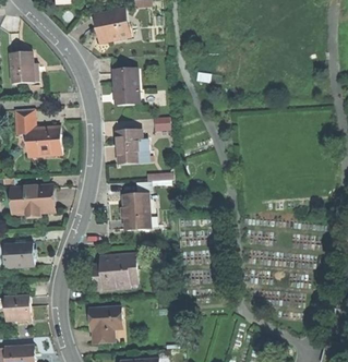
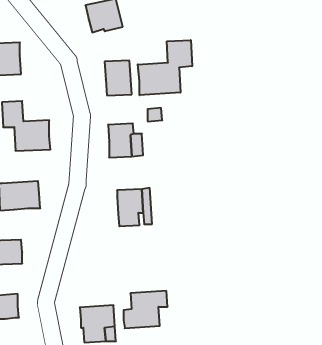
building: none -> [138,40,192,95]
building: [93,252,135,288] -> [124,291,168,328]

